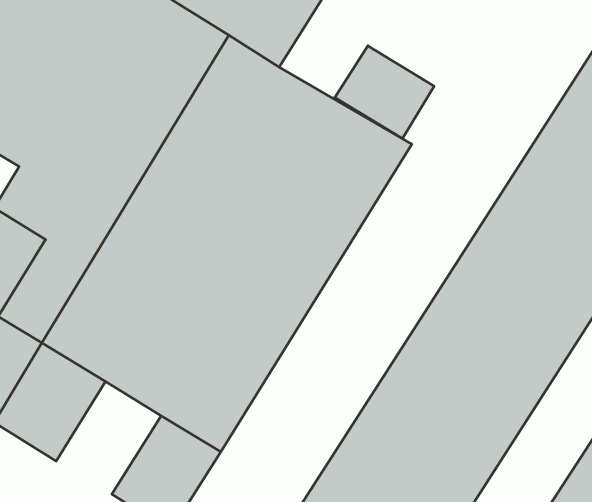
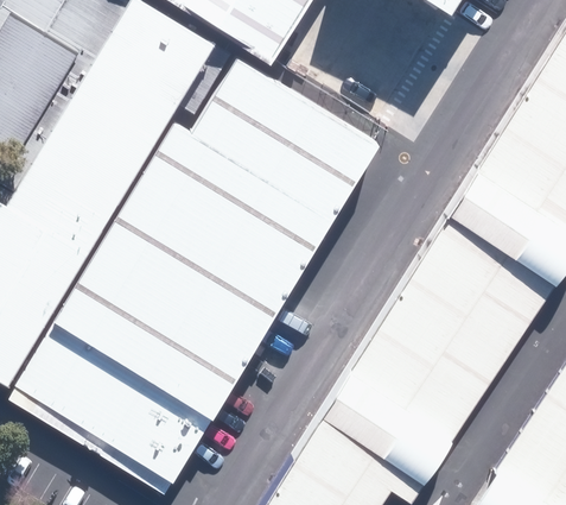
building: [335,46,434,139] -> none
building: none -> [66,354,160,455]

